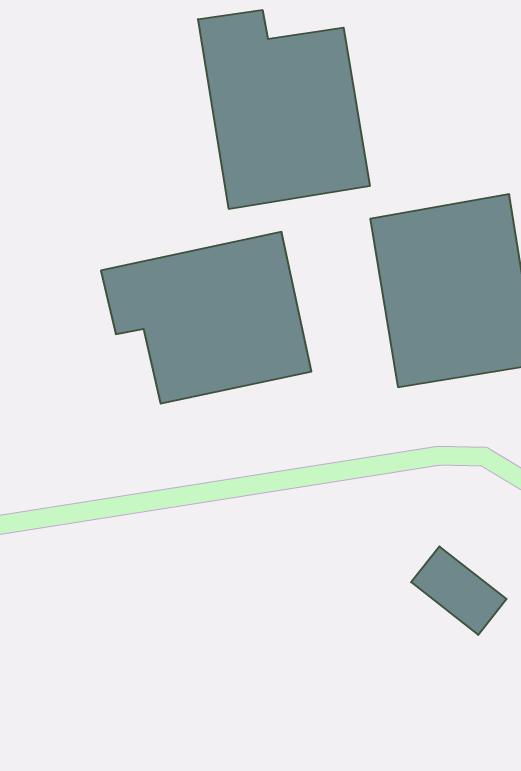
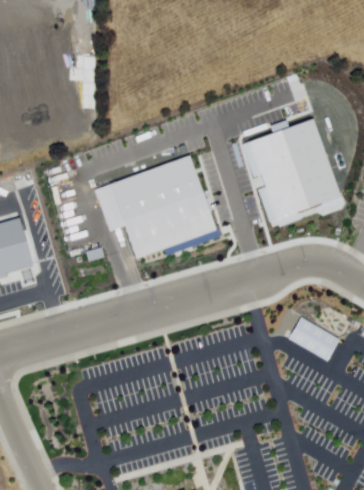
building: [198,10,370,209] -> none

